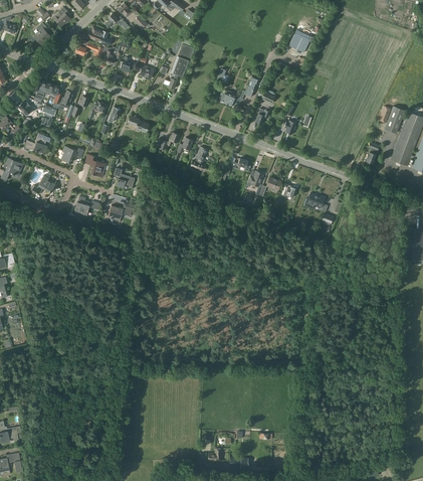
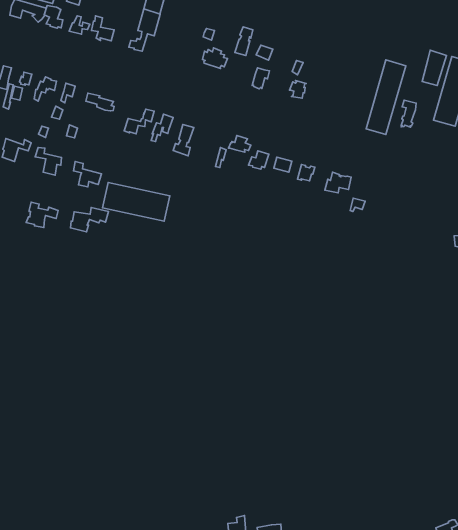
building: none -> [366,60,406,135]
building: none -> [103,183,170,221]

